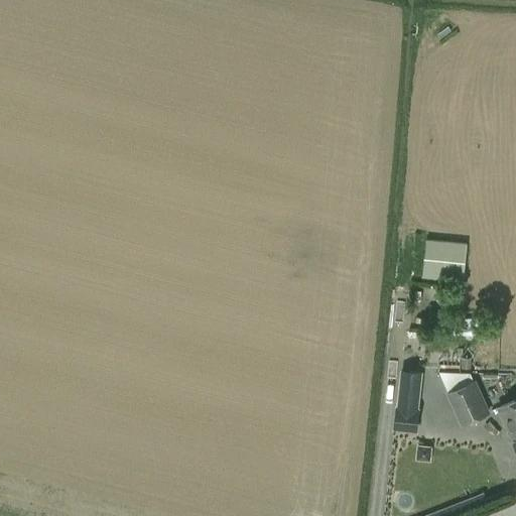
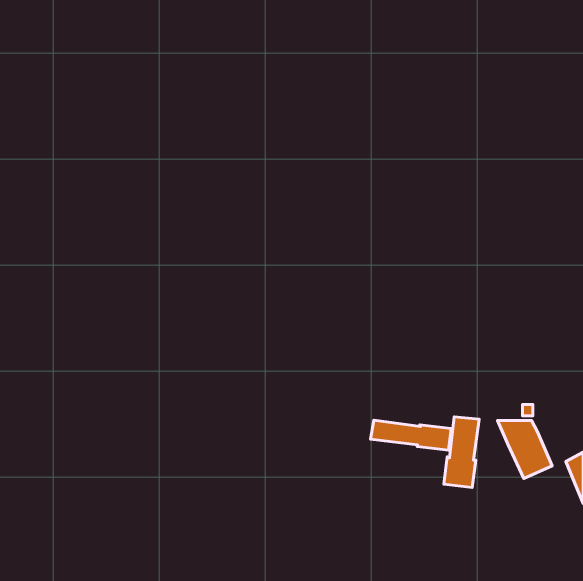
building: [422,240,467,281] -> none
building: none -> [370,420,451,450]

